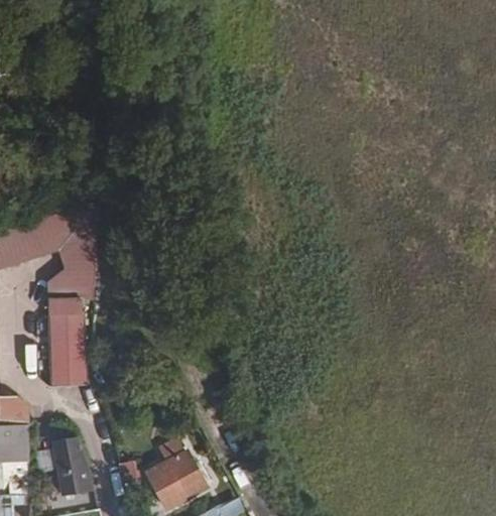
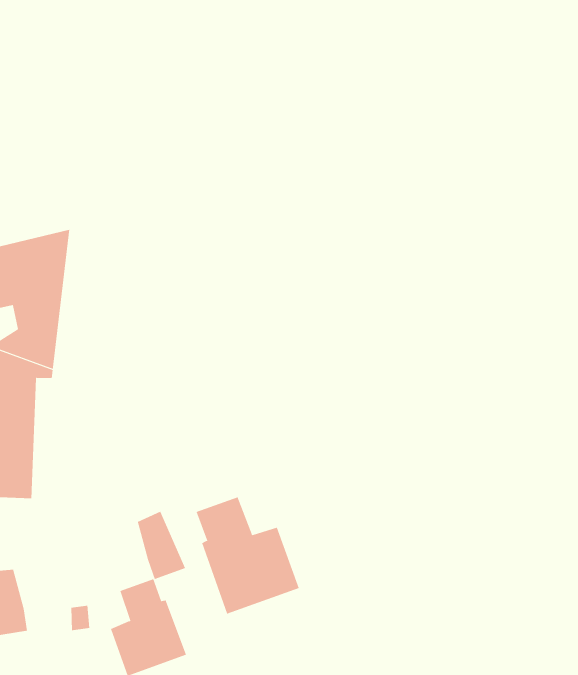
building: none -> [196,496,300,615]
building: none -> [137,511,186,580]

